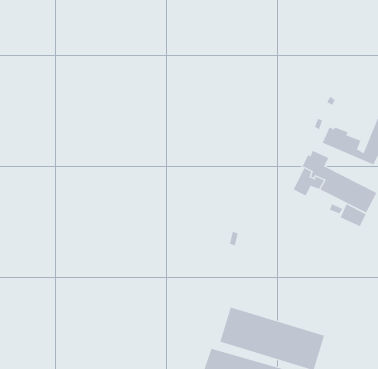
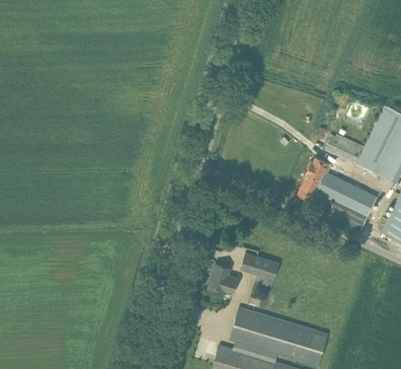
building: none -> [240,253,278,280]
building: none -> [209,264,237,293]

